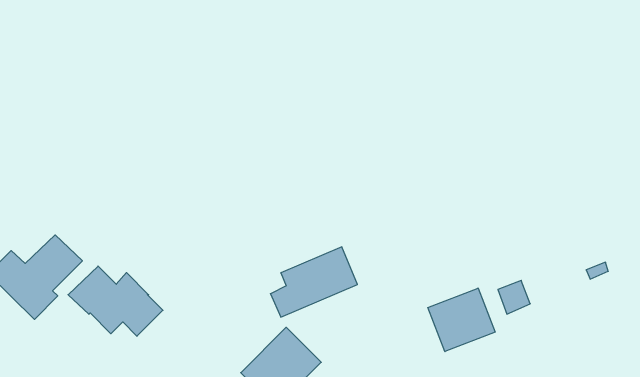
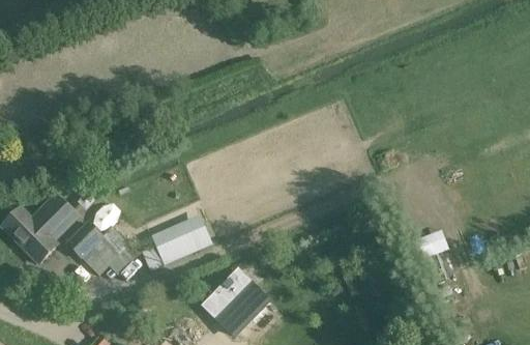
building: [270,247,357,317] -> [143,214,212,270]
building: [428,288,495,352] -> none

